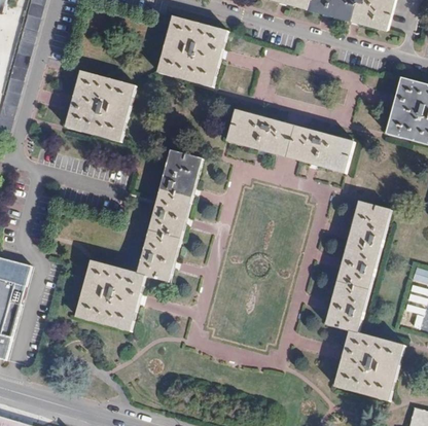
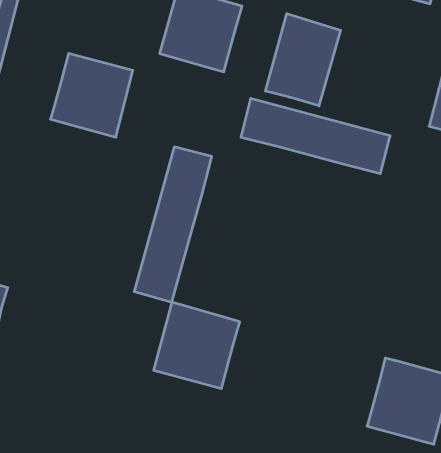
building: none -> [265,14,341,106]
building: [325,201,390,331] -> none
building: [73,259,146,332] -> [154,302,240,388]

